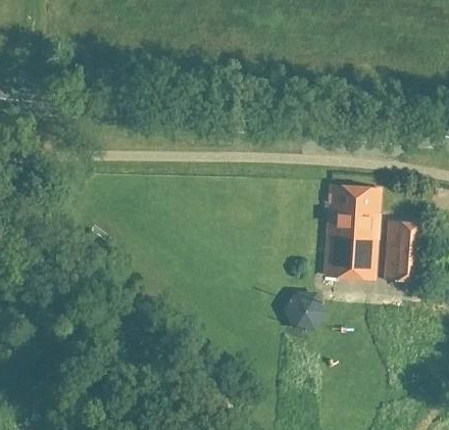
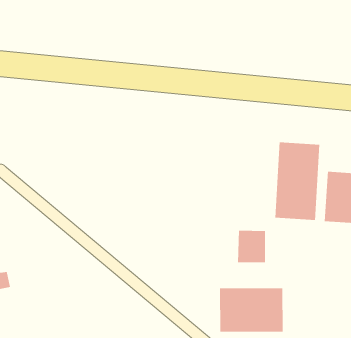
building: none -> [220,287,283,332]

